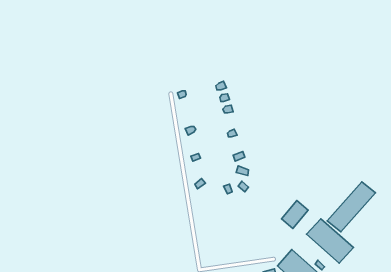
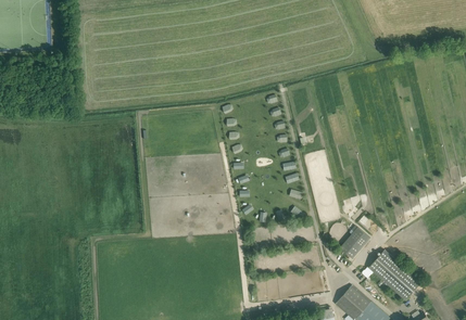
building: [327,182,375,232] -> none

